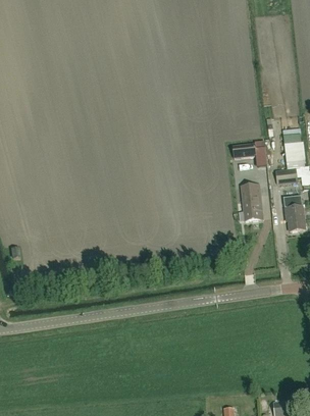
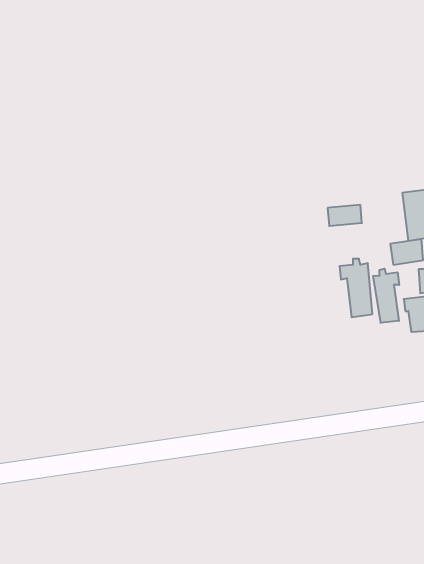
building: none -> [373,269,399,323]

